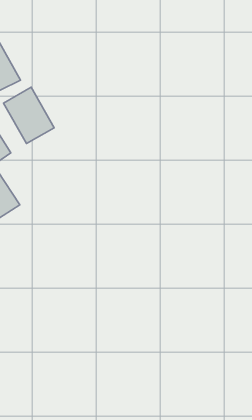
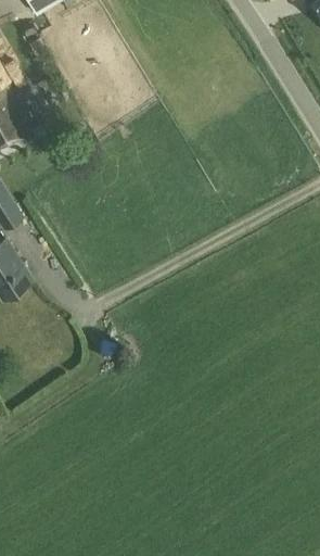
building: [4,87,54,144] -> none

